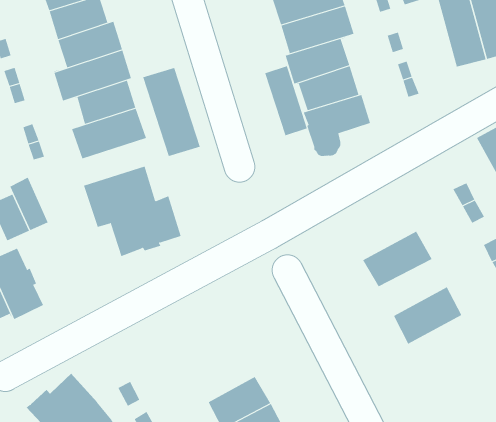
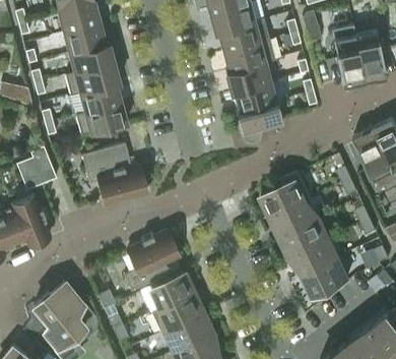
building: [264,61,308,136] -> none
building: [143,67,200,157] -> none
building: none -> [262,172,310,217]
building: none -> [281,219,329,256]
building: none -> [124,231,180,291]
building: none -> [300,258,348,305]
building: none -> [149,272,193,309]

